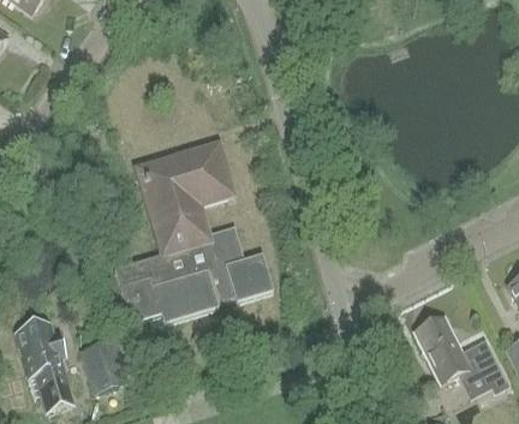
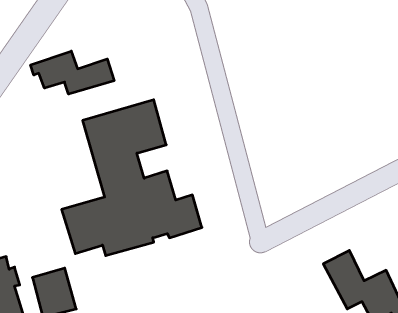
building: none -> [31,51,114,94]

